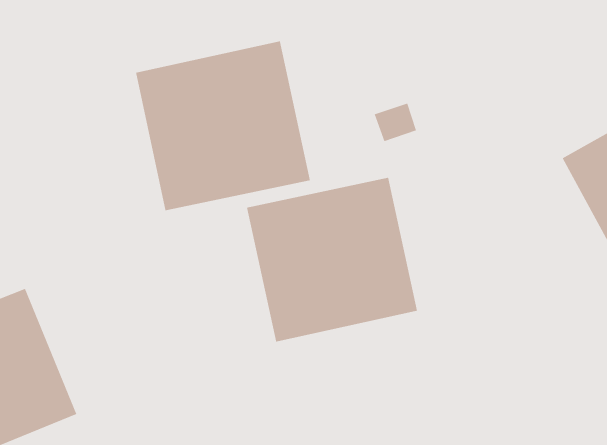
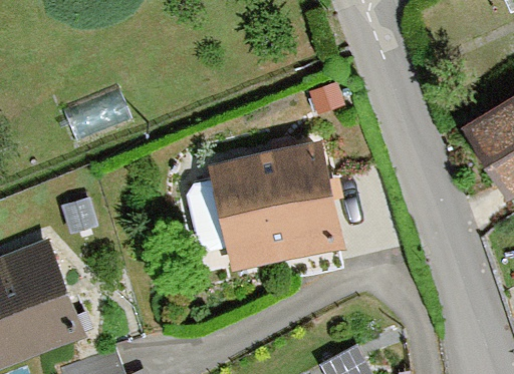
building: [135,41,310,211] -> none

